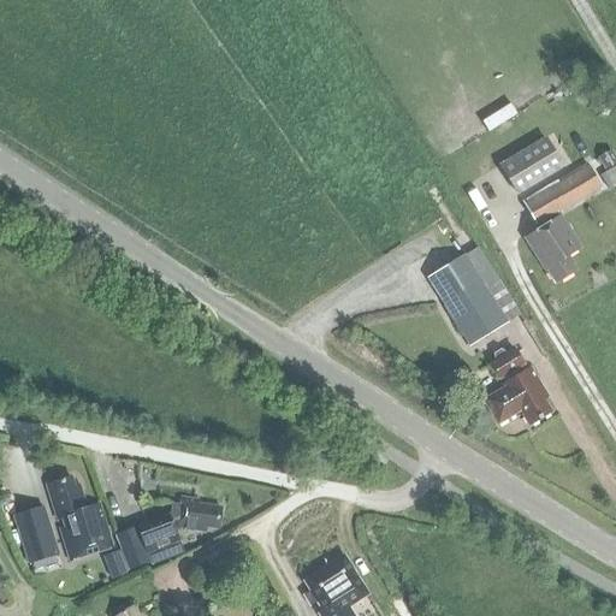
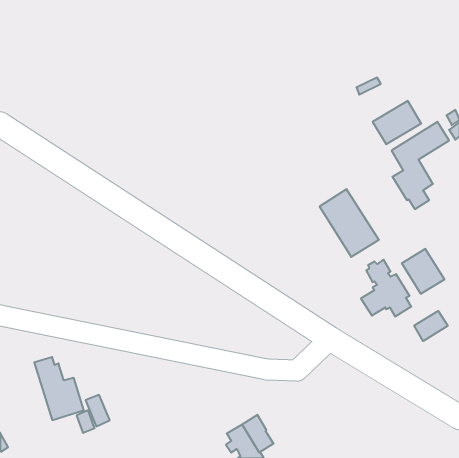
building: none -> [402,249,444,294]
building: none -> [414,311,448,341]
building: [140,498,223,563] -> none
building: [16,505,58,559] -> none

